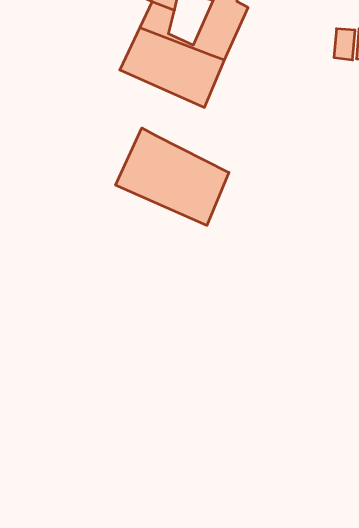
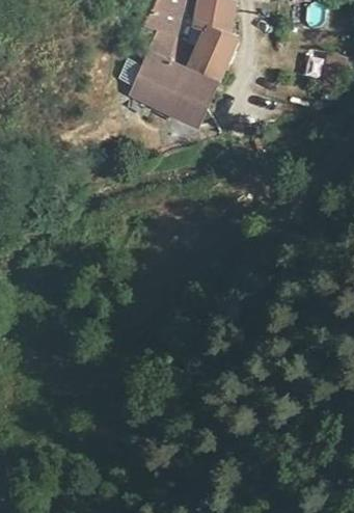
building: [116,128,229,225] -> none

